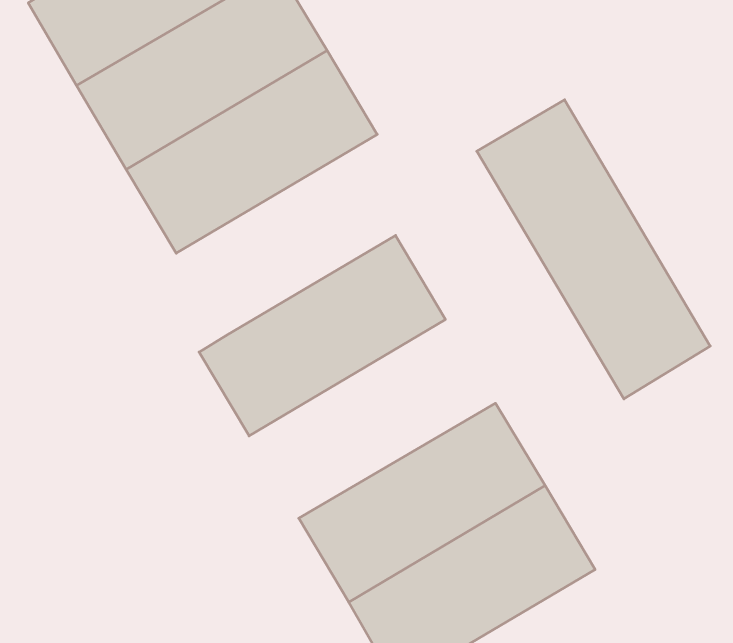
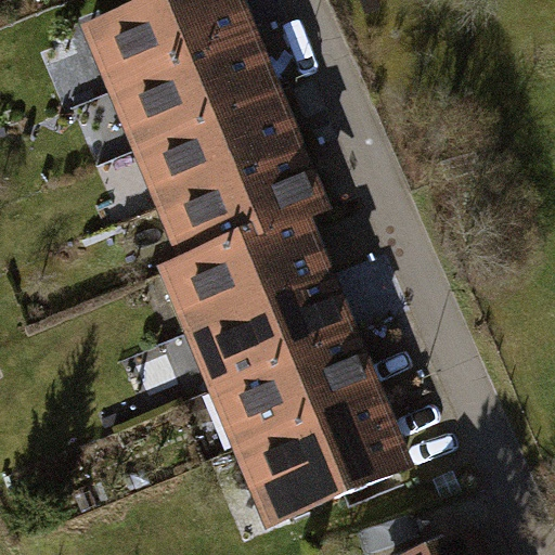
building: [477,100,710,399] -> none
building: none -> [158,153,330,274]
building: none -> [191,283,359,403]

